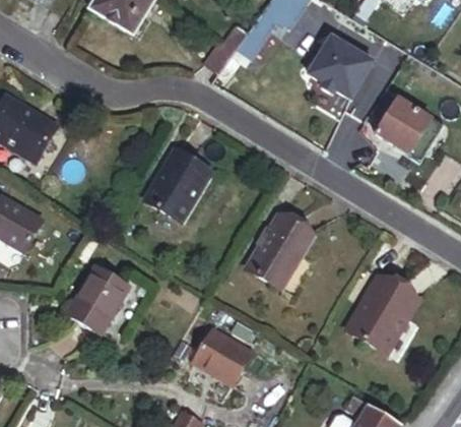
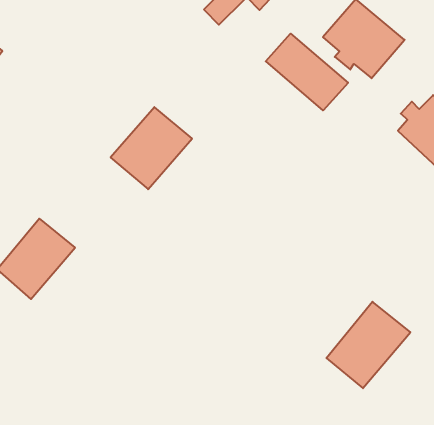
building: none -> [266,34,348,110]
building: [250,211,318,286] -> none
building: [195,329,252,384] -> none

